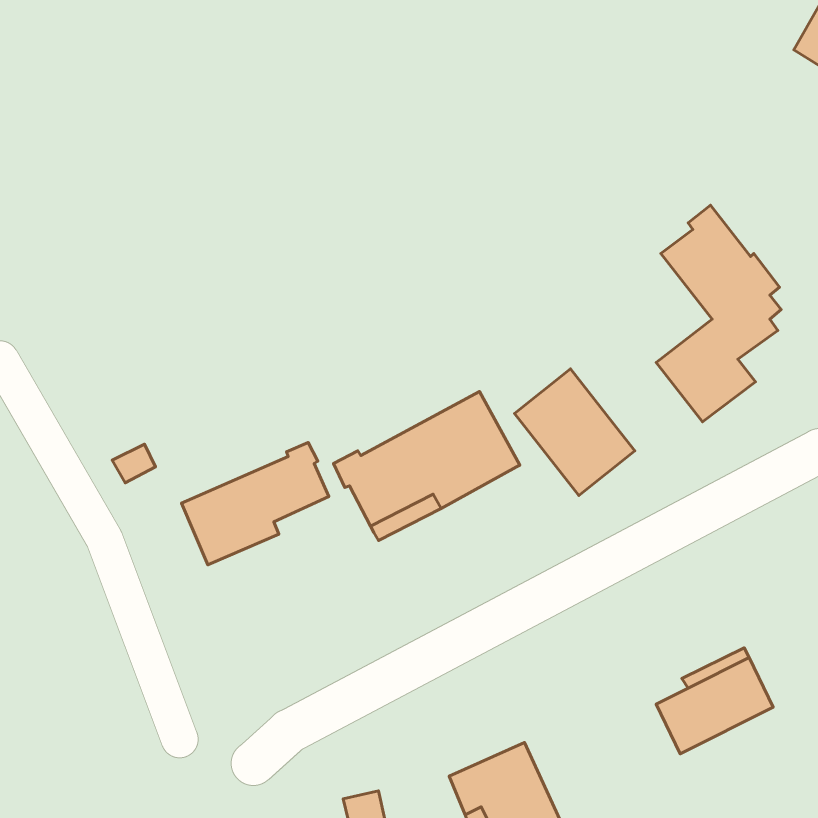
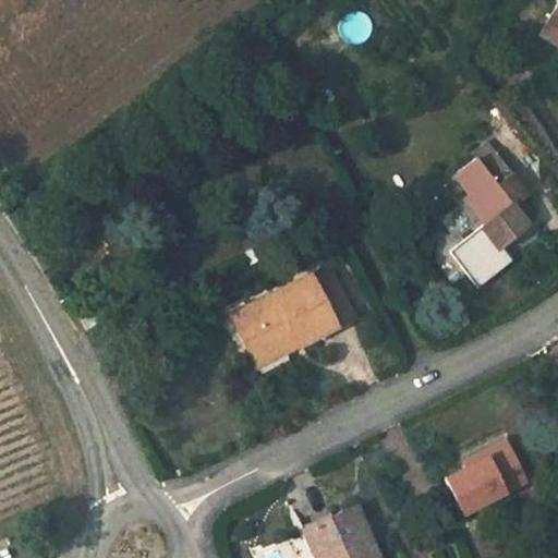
building: [515,369,635,496] -> none
building: [182,442,329,565] -> none

